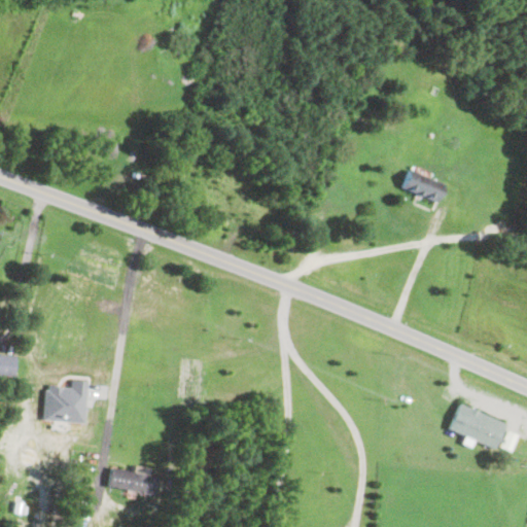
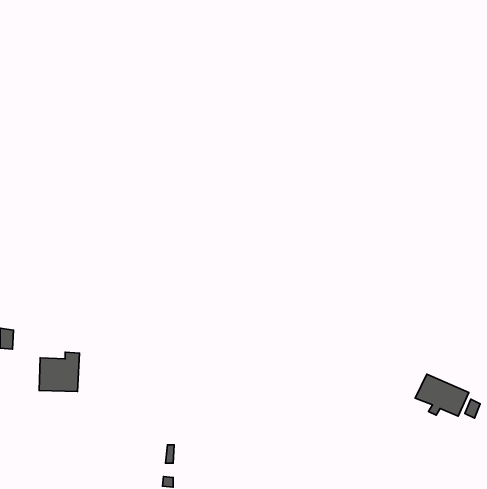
building: [402,171,445,203] -> none
building: [109,468,160,496] -> none

